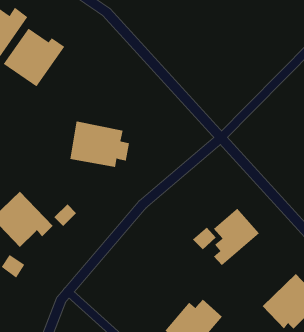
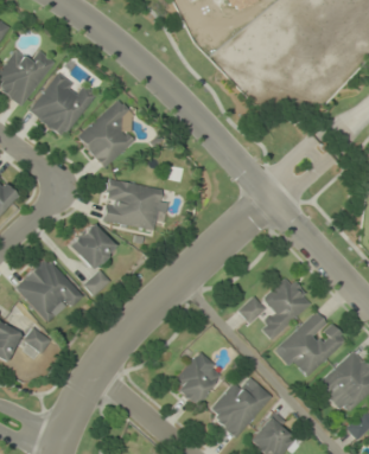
building: none -> [76,97,138,170]
building: none -> [69,222,117,270]
building: none -> [275,311,349,376]
building: none -> [172,352,225,407]

